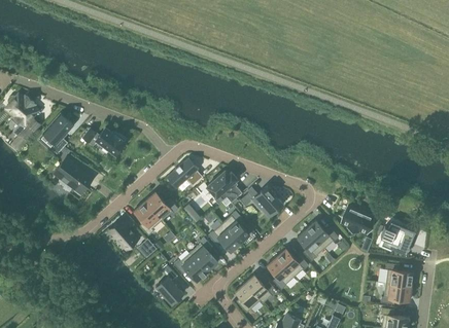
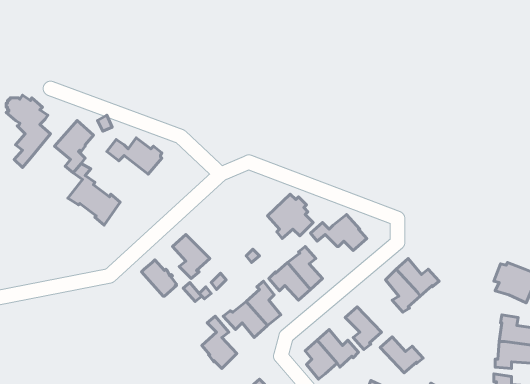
building: [167,157,202,188] -> none
building: [144,192,178,220] -> none
building: [342,207,373,233] -> none
building: [276,249,309,277] -> [380,337,423,373]

